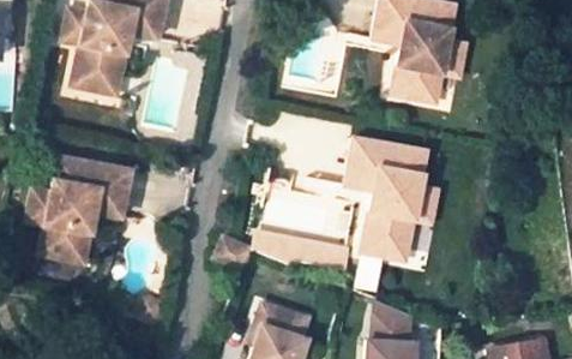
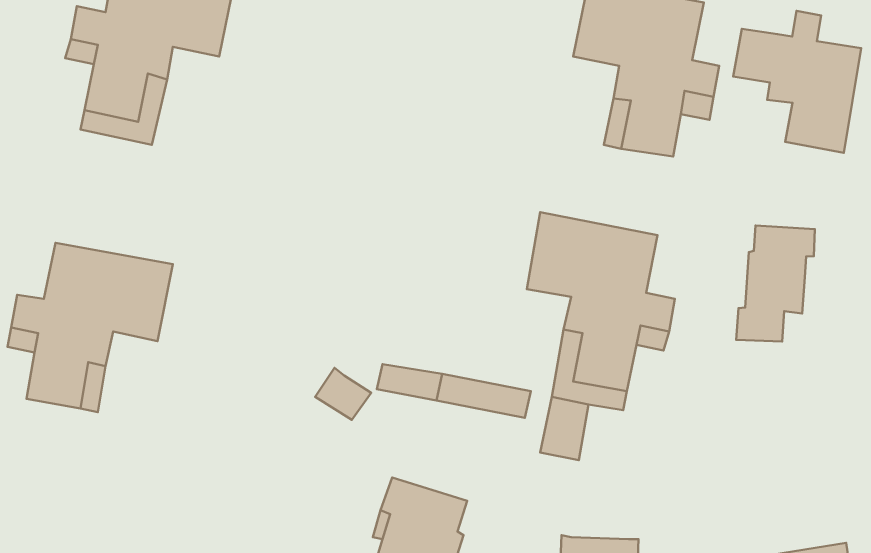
building: none -> [733,11,861,153]
building: none -> [736,225,815,341]
building: [374,299,411,341] -> none

